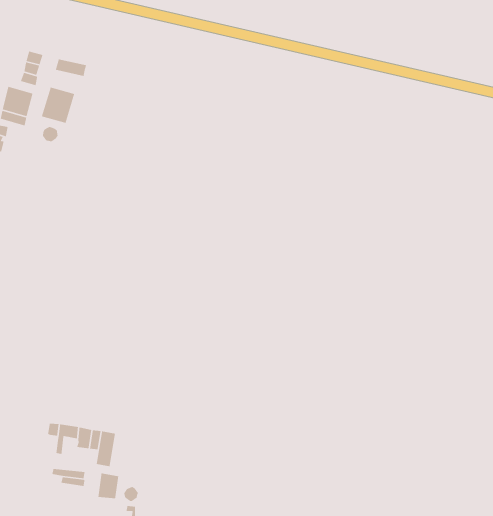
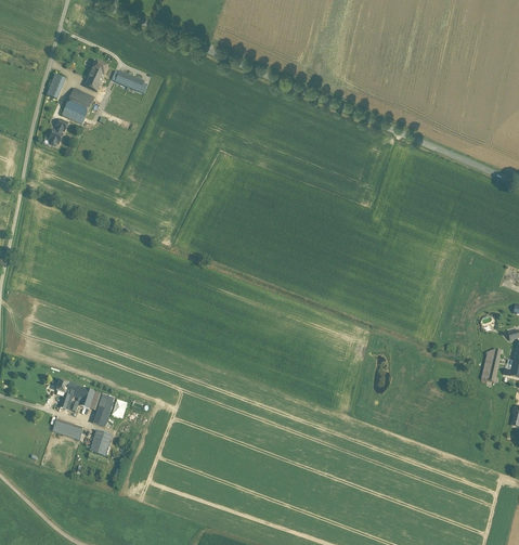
building: [41,86,75,124] -> none

